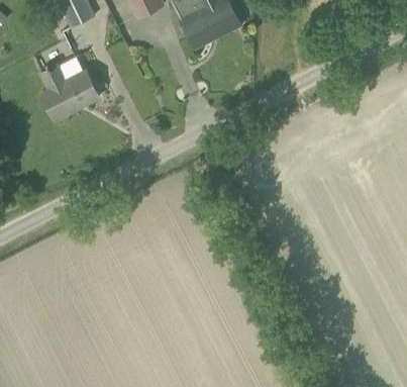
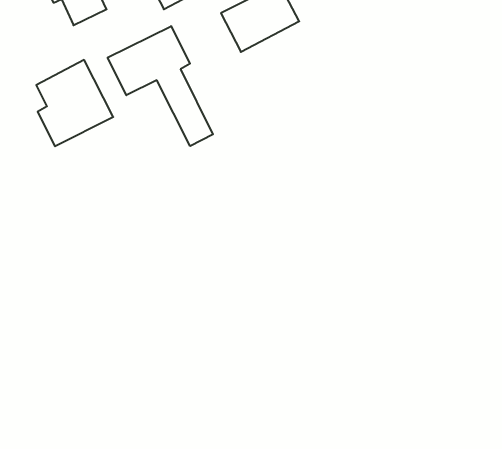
building: none -> [108,26,213,146]

